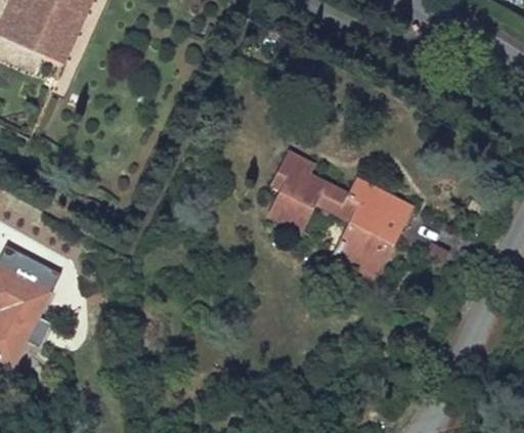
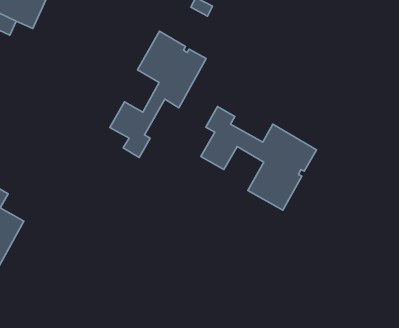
building: none -> [110,31,206,157]

